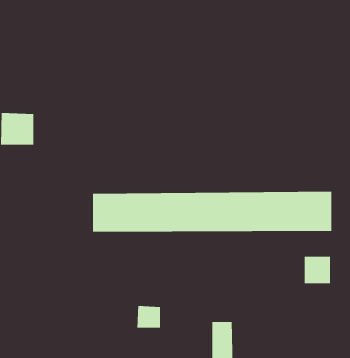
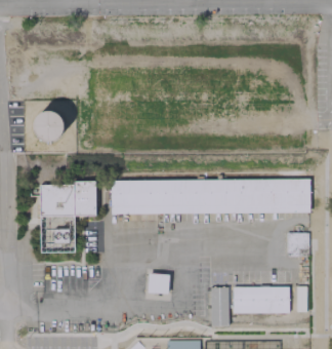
building: none -> [41,181,97,253]
building: none -> [234,286,290,312]

